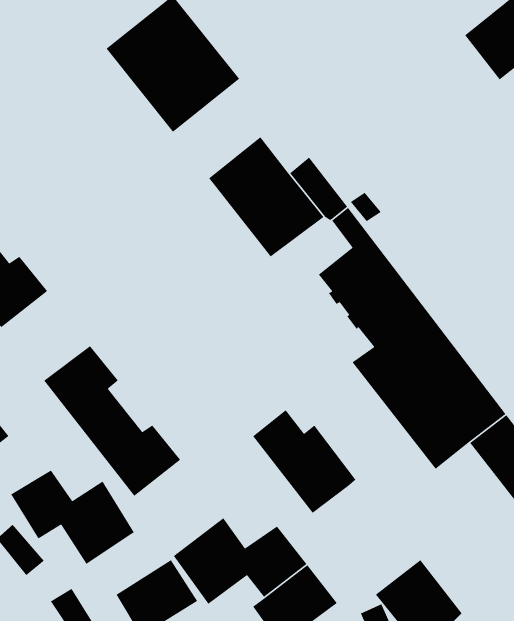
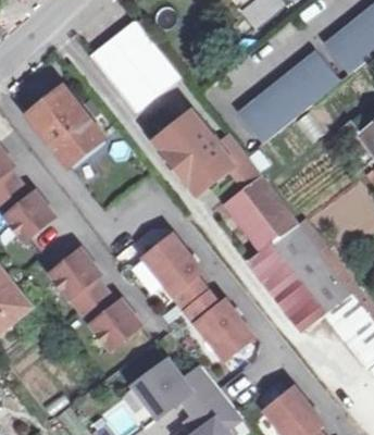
building: none -> [234,54,336,146]
building: none -> [28,87,103,165]
building: none -> [145,234,205,307]
building: [10,470,135,565] -> none

